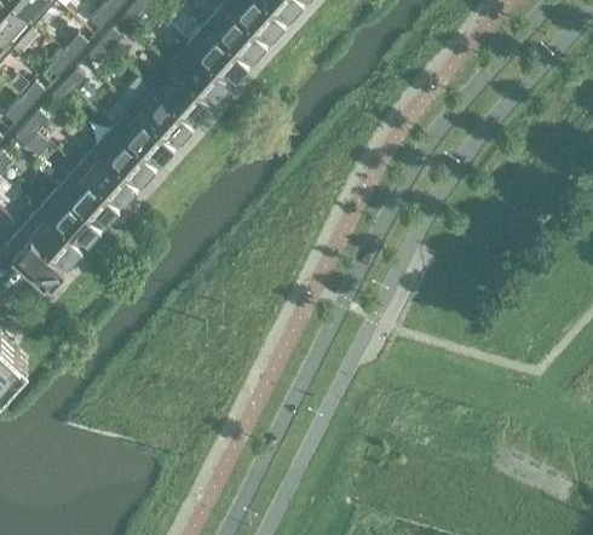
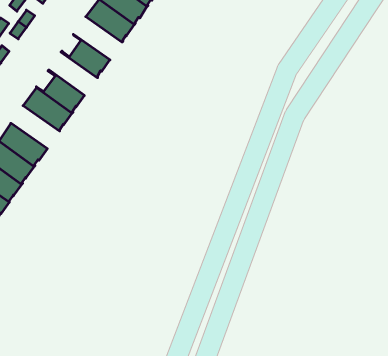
building: [168,48,229,107] -> none
building: [132,90,192,148] -> none
building: [76,151,137,209] -> none

